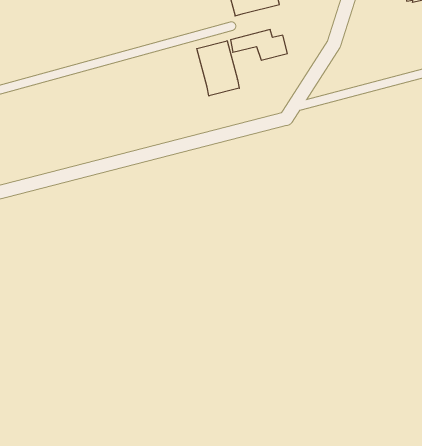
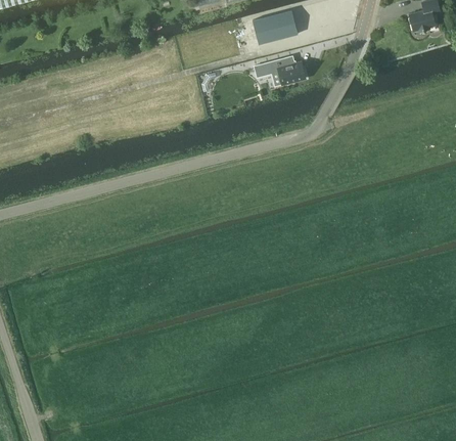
building: [197,41,239,96] -> none

